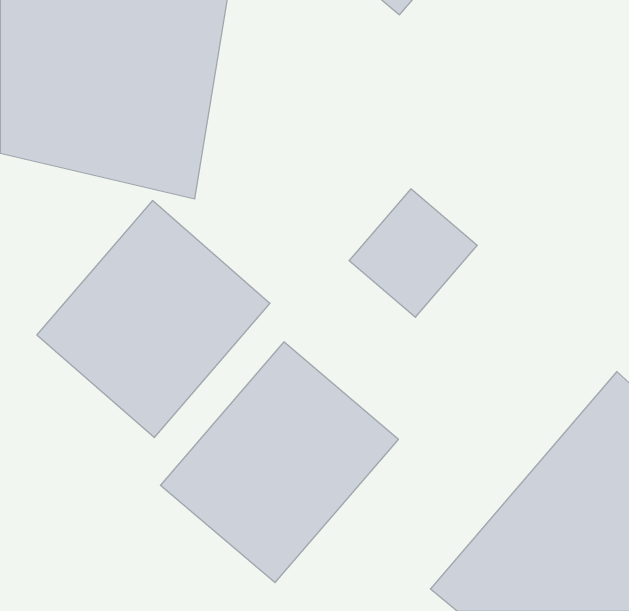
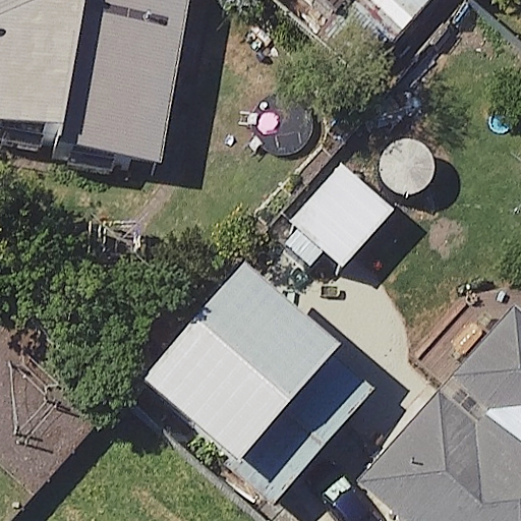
building: [37,201,270,438] -> none

